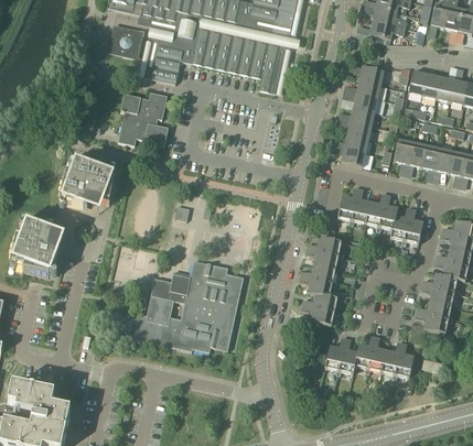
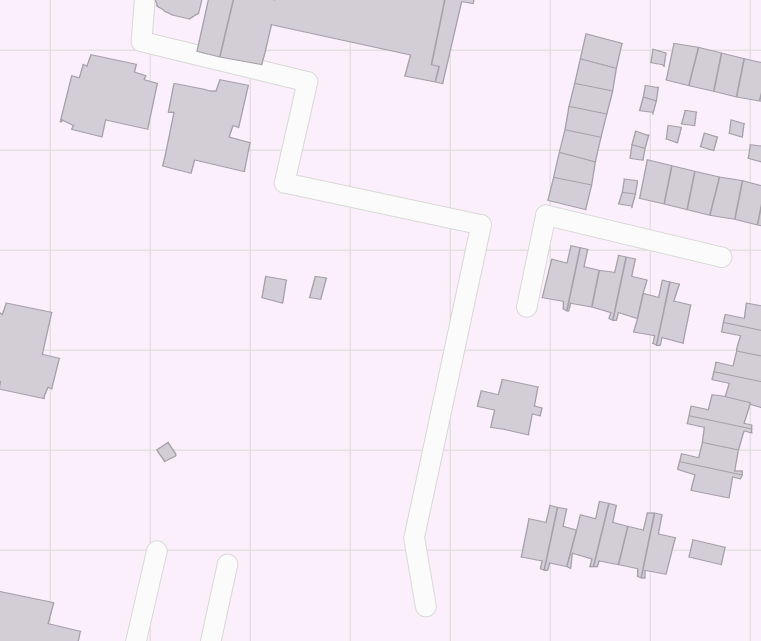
building: [58,159,115,206] -> [60,55,157,137]
building: [304,235,342,268] -> none
building: [127,259,243,350] -> none
building: [301,292,338,324] -> none

